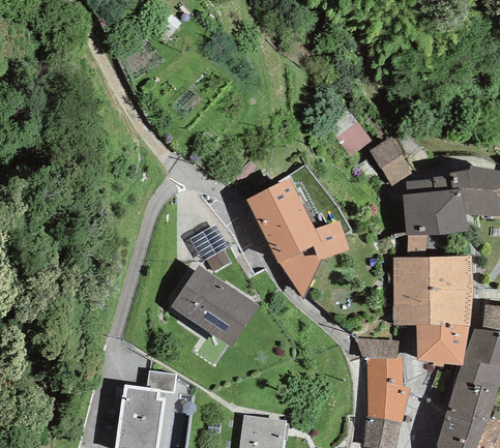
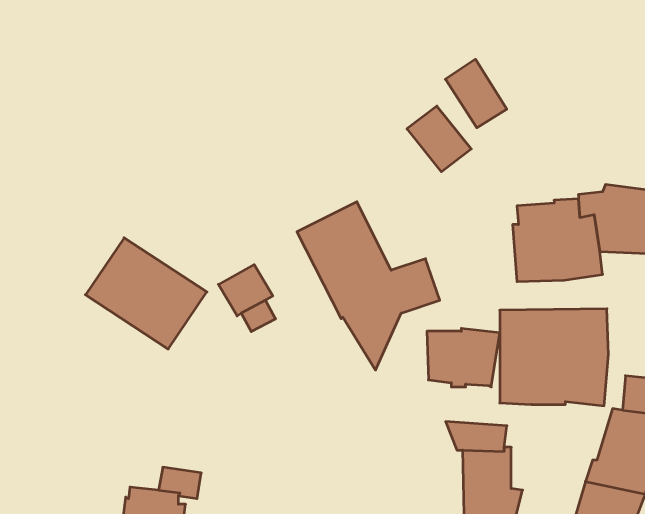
building: [369,136,413,185] -> [445,59,507,128]
building: [171,266,259,347] -> [85,238,207,349]
building: [416,323,469,365] -> [427,328,500,387]

